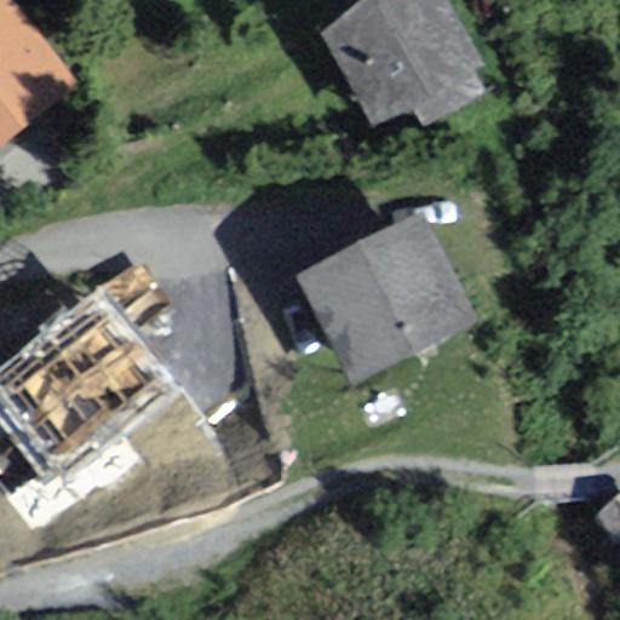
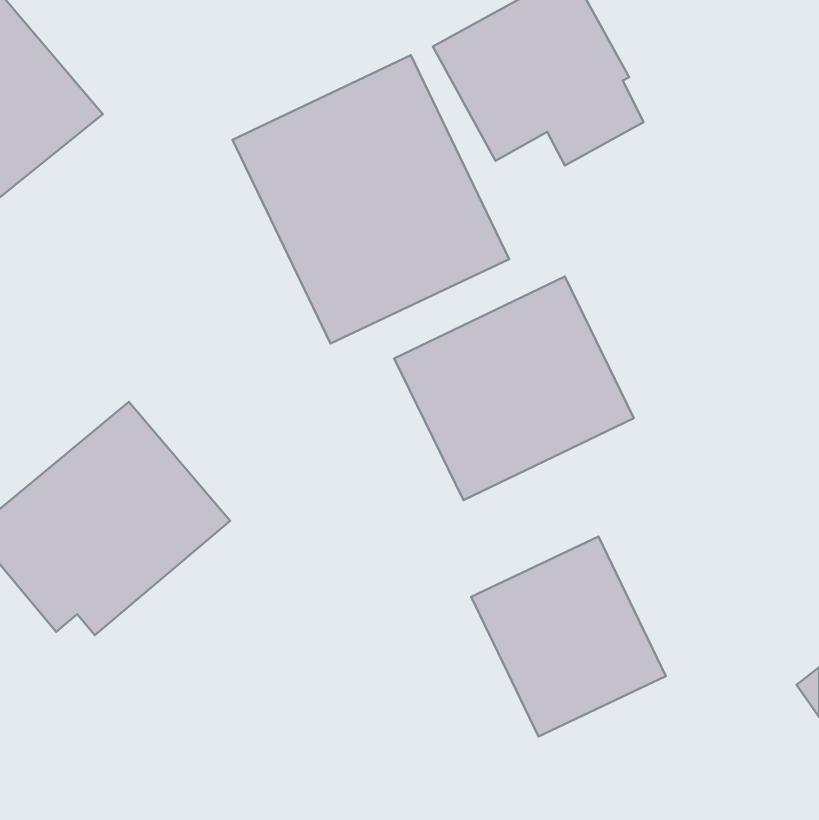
building: none -> [232,55,509,344]
building: none -> [471,537,666,737]

